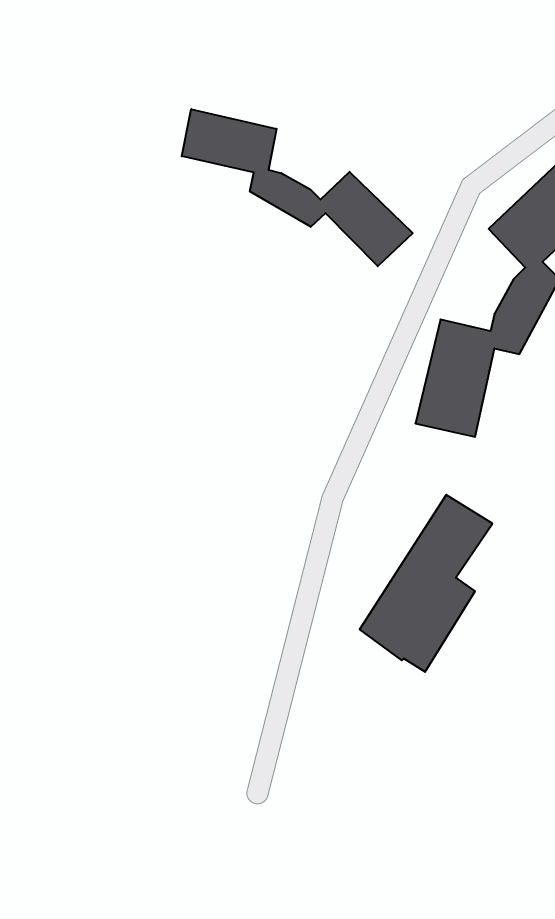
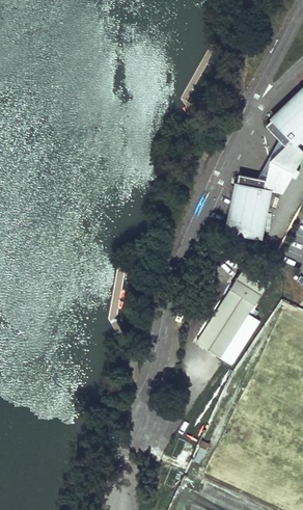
building: [182,109,413,266] -> none

